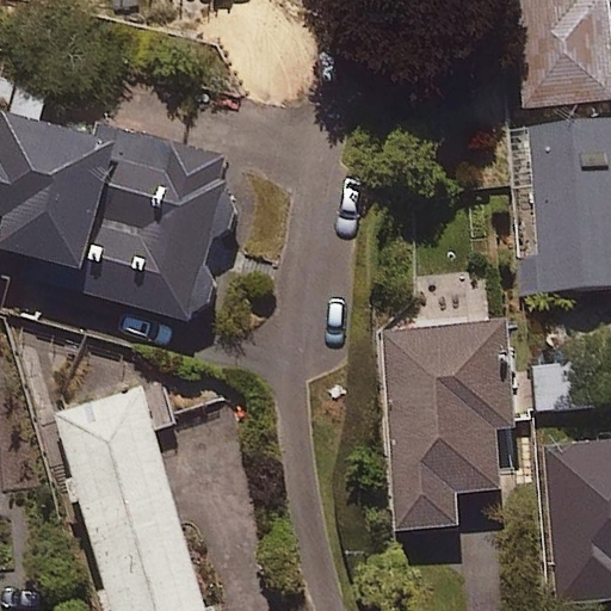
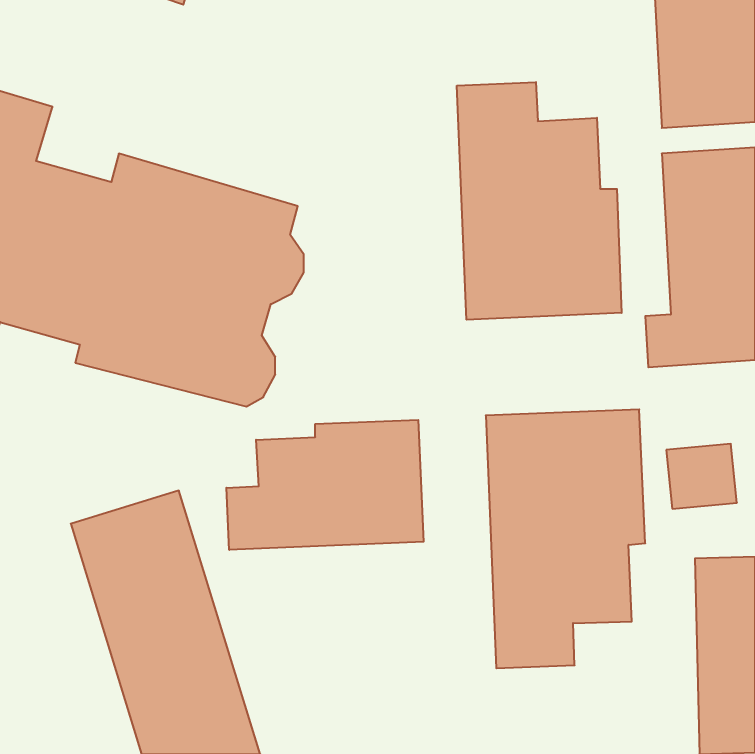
building: none -> [457,82,622,320]
building: none -> [226,420,424,550]

